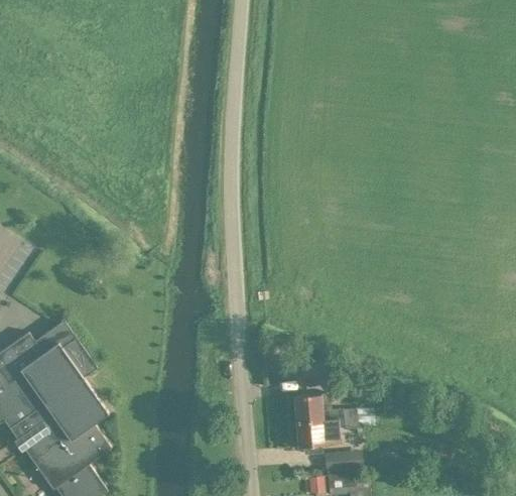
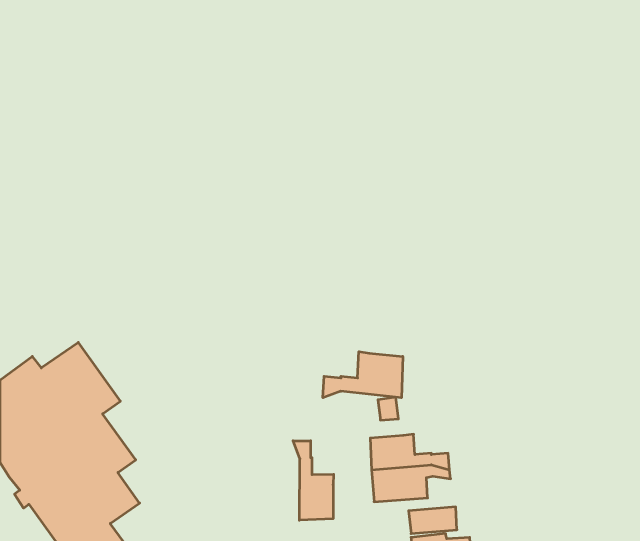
building: none -> [323,352,403,398]
building: none -> [293,441,334,520]

